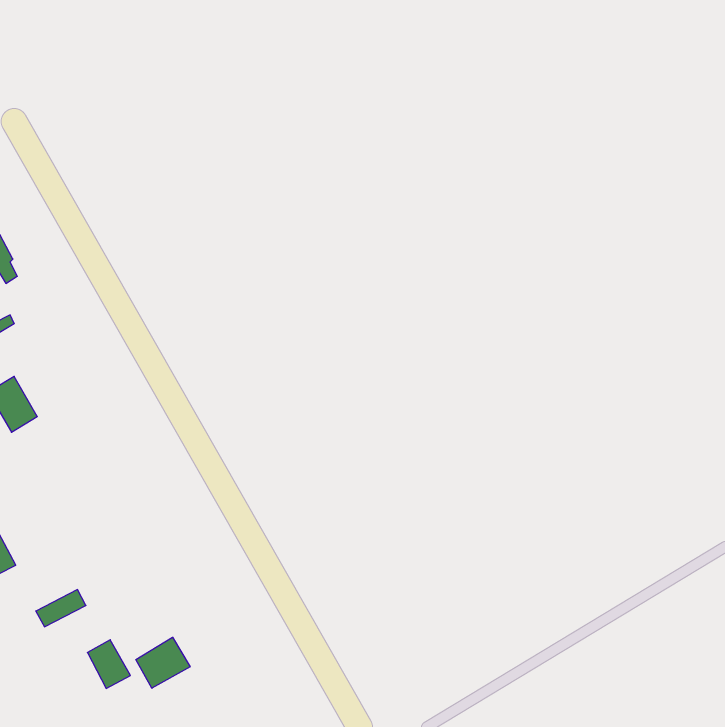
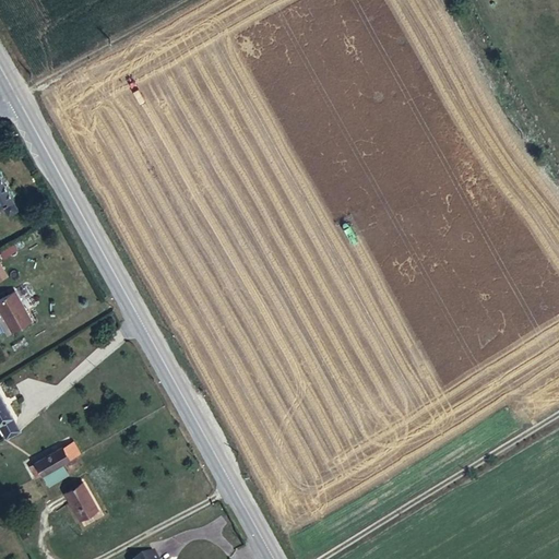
building: [136,637,190,688] -> none

